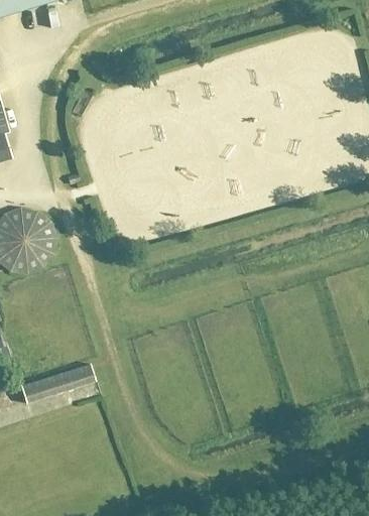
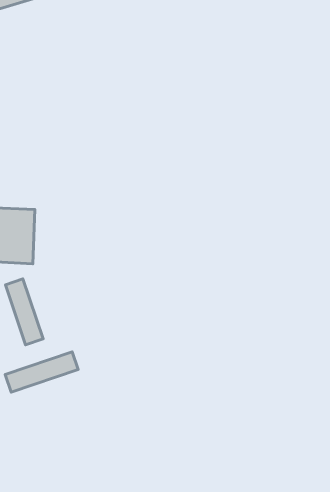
building: none -> [5,279,43,345]

